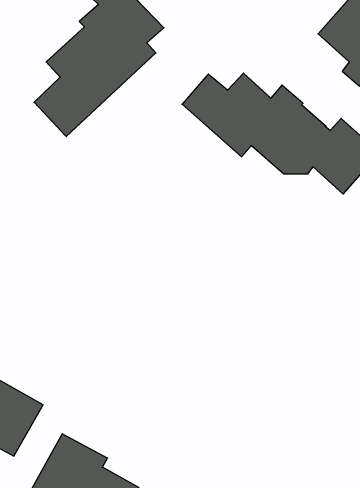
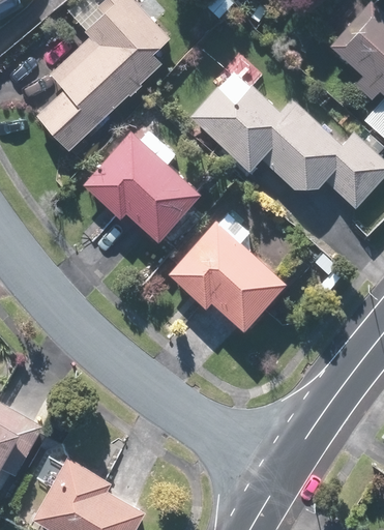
building: none -> [83,132,201,243]
building: none -> [167,220,287,331]

